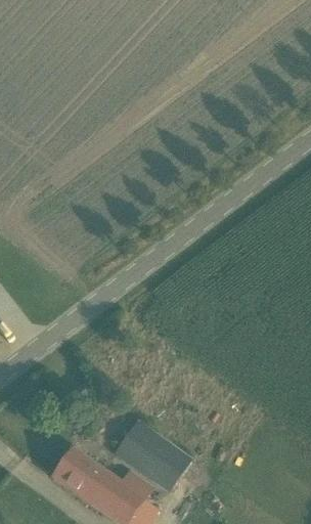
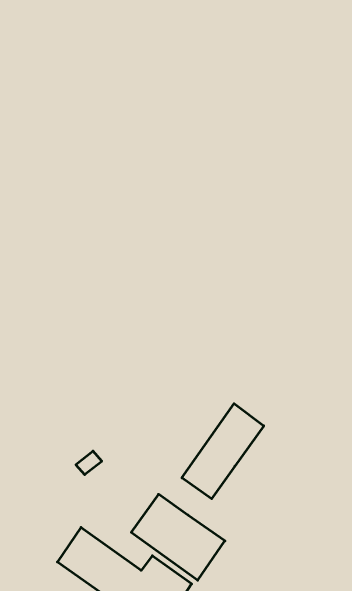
building: none -> [182,404,264,499]

